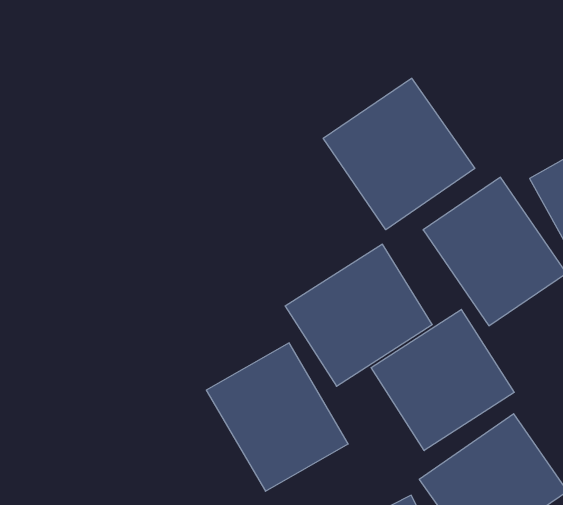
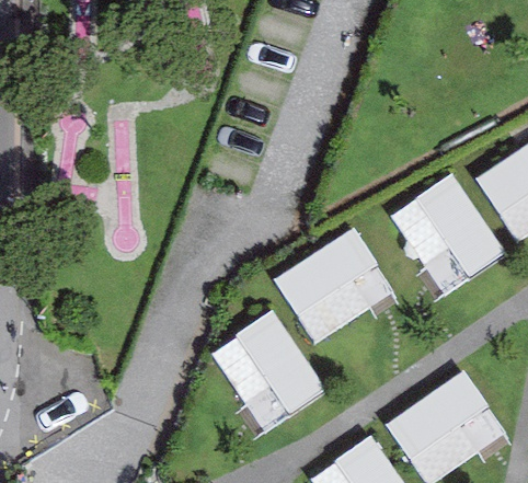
building: [323,78,475,230] -> none
building: [371,309,514,451] -> none

